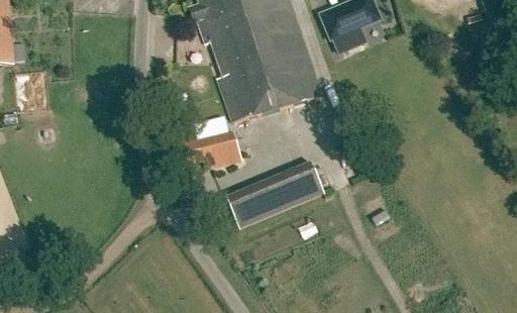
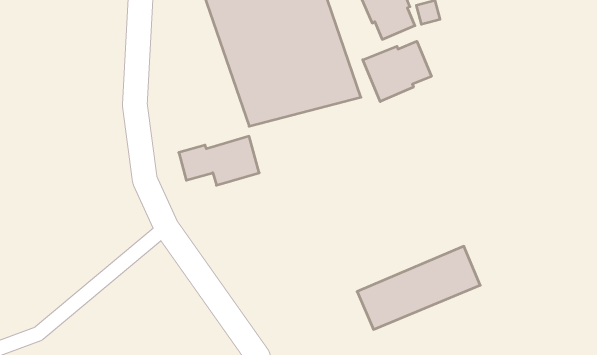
building: none -> [363,41,431,102]
building: [225,159,324,225] -> [357,246,480,329]

